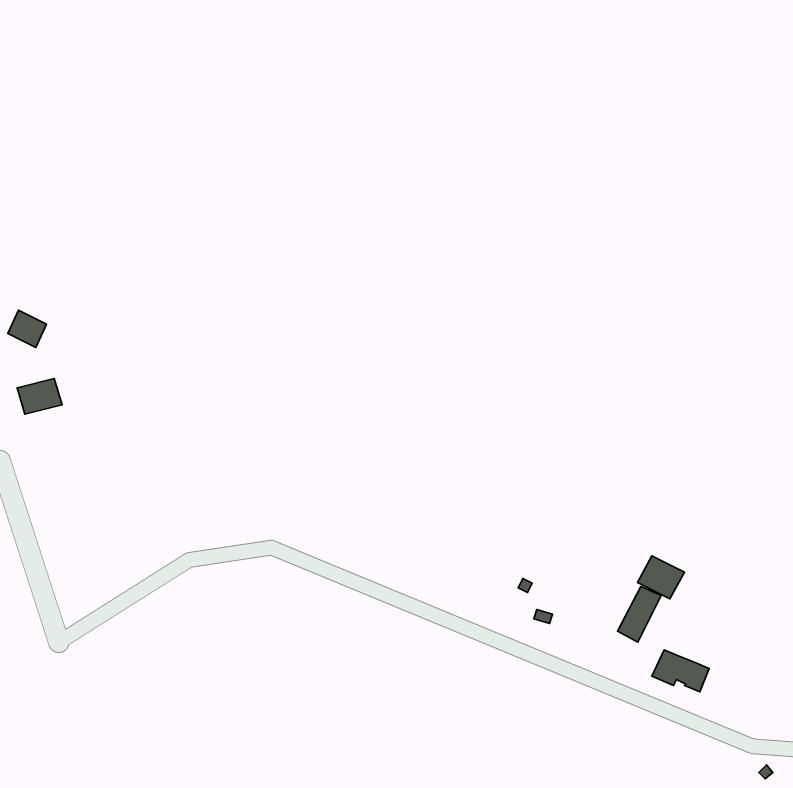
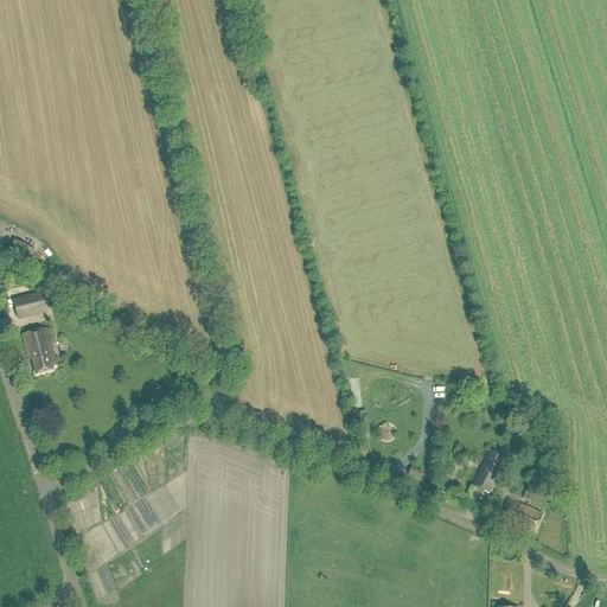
building: none -> [23,326,55,372]
building: [637,556,684,599] -> none

